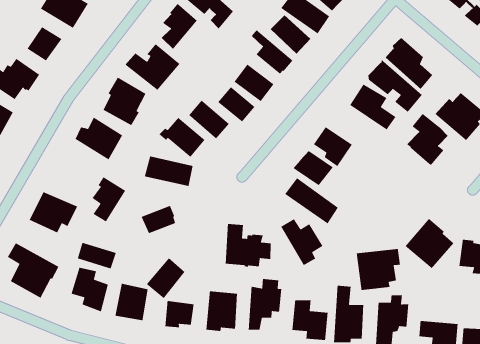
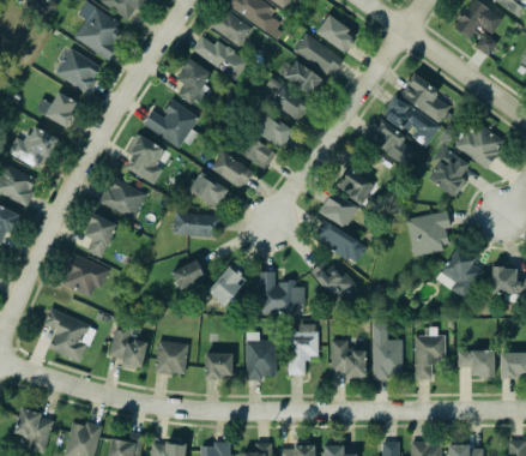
building: [91,176,126,223] -> [85,212,119,258]
building: [77,242,117,269] -> none
building: [356,248,401,291] -> [406,210,452,256]
building: [146,257,186,299] -> [208,264,247,306]

